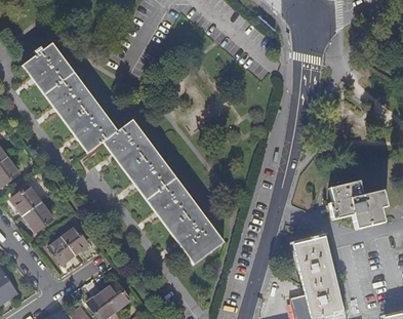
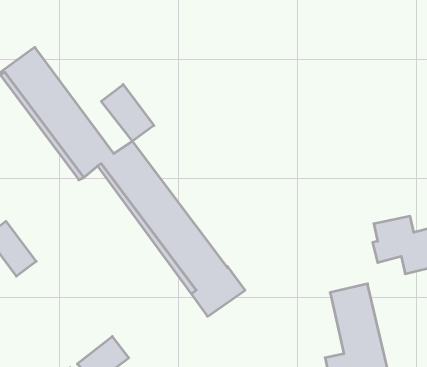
building: none -> [101,84,154,141]
building: [49,227,88,264] -> none

